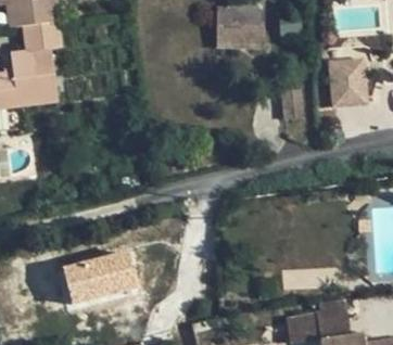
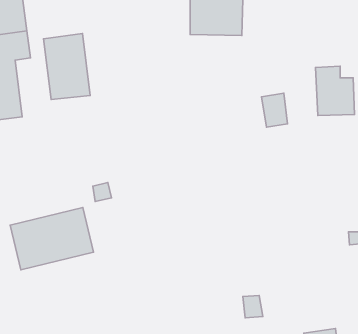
building: none -> [43,34,90,99]
building: [60,243,137,301] -> [10,207,93,270]

